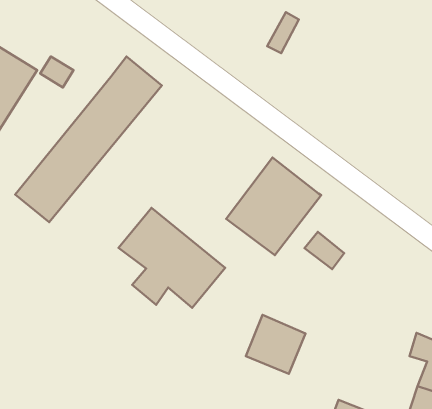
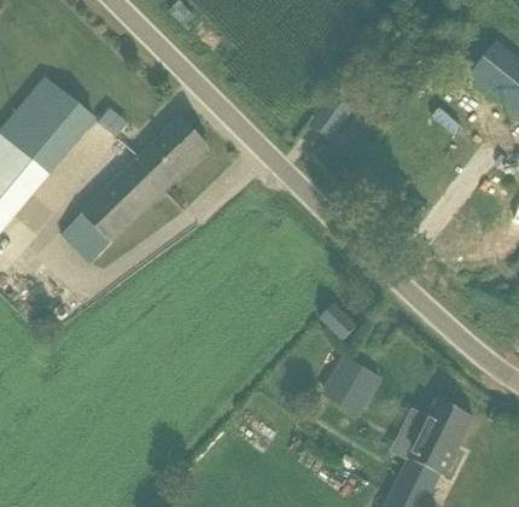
building: [226,158,321,255] -> none
building: [118,208,225,308] -> none
building: [246,315,305,374] -> [325,357,383,415]

